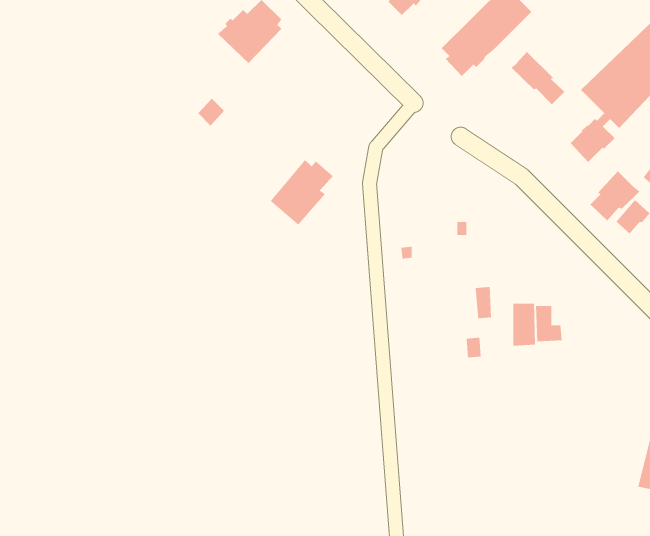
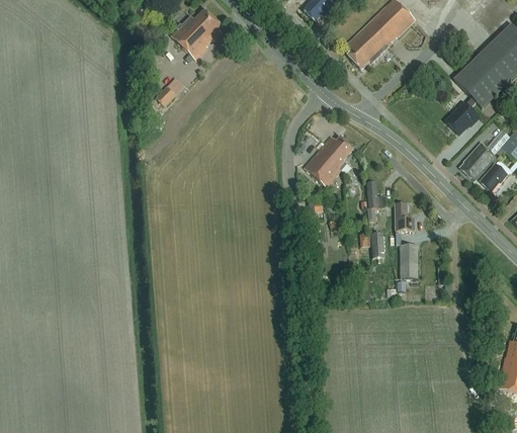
building: [510,51,565,105] -> none
building: [270,159,334,226] -> [305,135,354,186]
building: none -> [367,181,384,222]
building: [535,305,562,342] -> [395,202,416,231]

